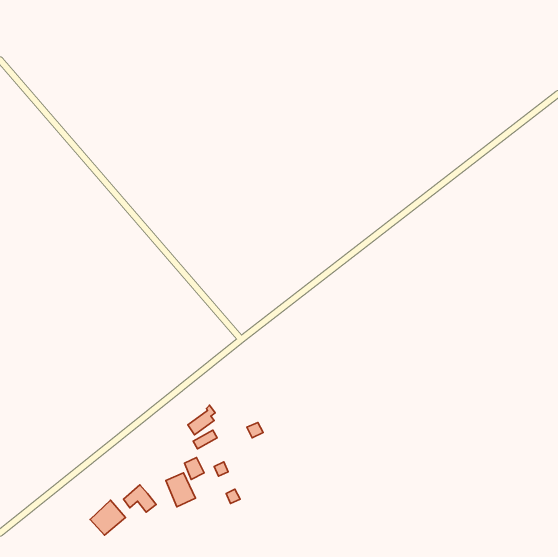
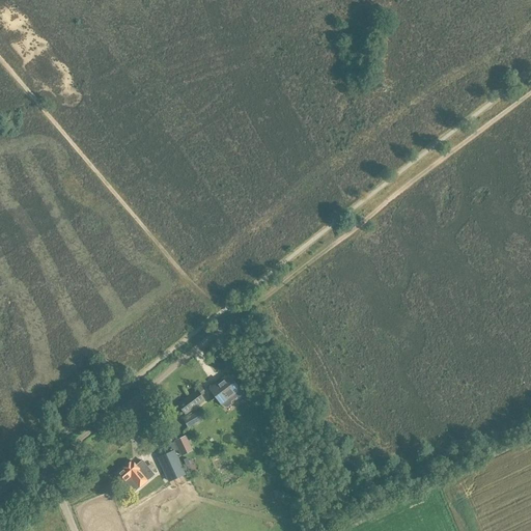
building: none -> [208,372,241,407]
building: [90,500,126,535] -> none

